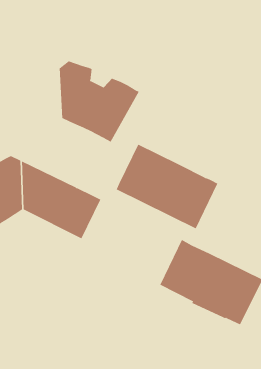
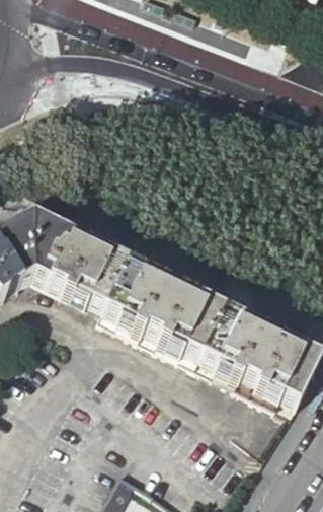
building: [59,61,139,143] -> none
building: [116,144,218,229] -> [102,261,225,363]

